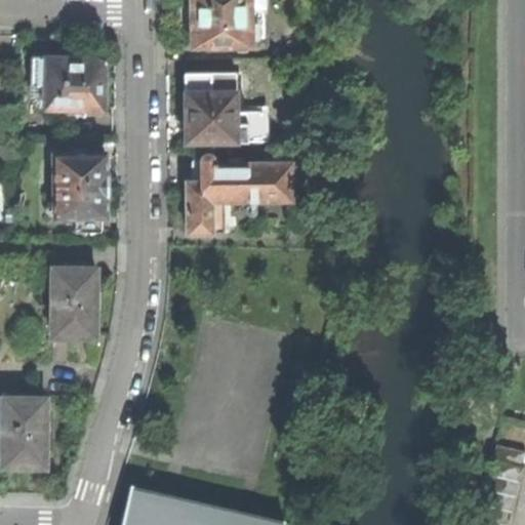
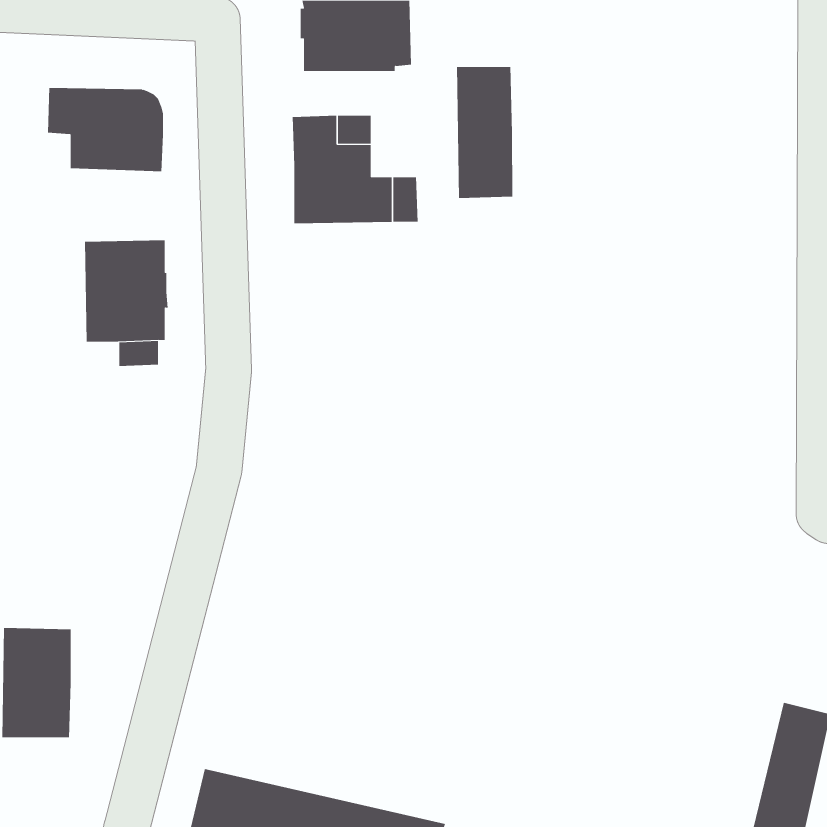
building: none -> [457,66,513,199]
building: [188,154,291,233] -> none
building: [52,269,96,337] -> none

